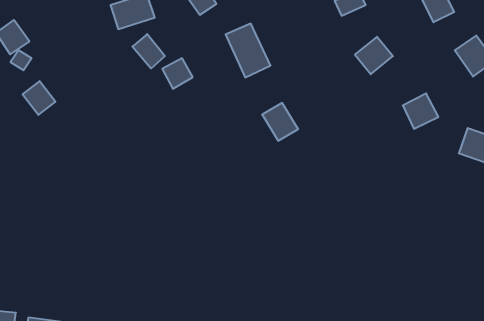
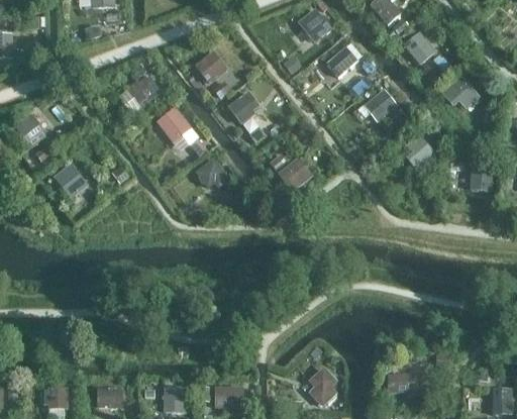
building: none -> [197,158,231,192]

